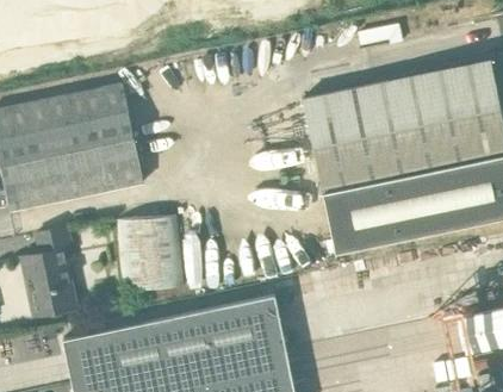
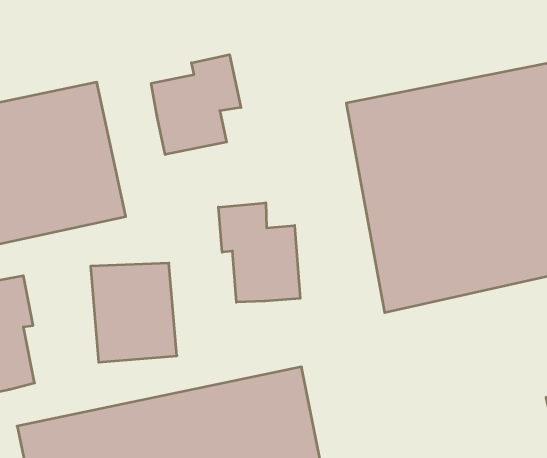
building: none -> [151,55,241,155]
building: none -> [218,203,300,302]

